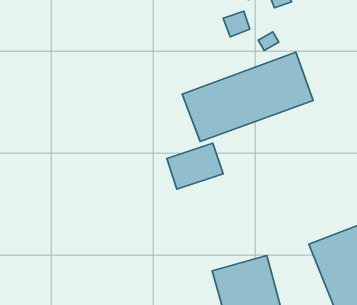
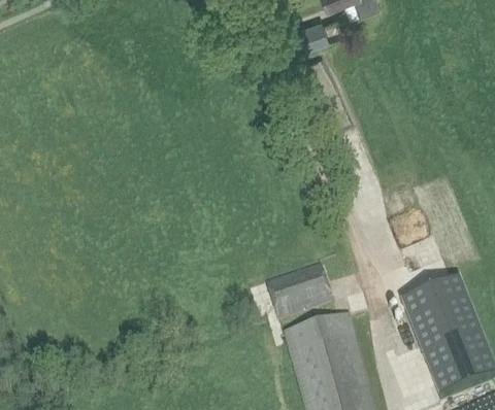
building: [182,52,313,142] -> none
building: [167,143,223,189] -> [265,260,333,315]

